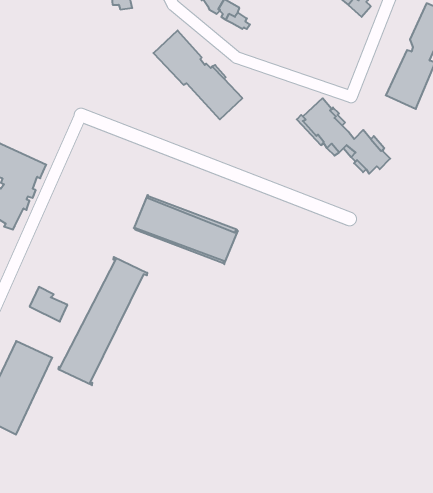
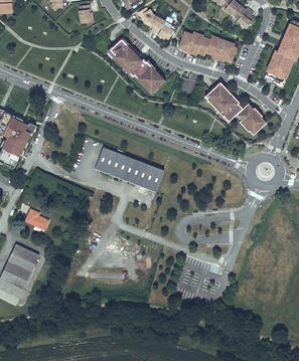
building: none -> [179,31,236,61]
building: [59,257,147,385] -> none

